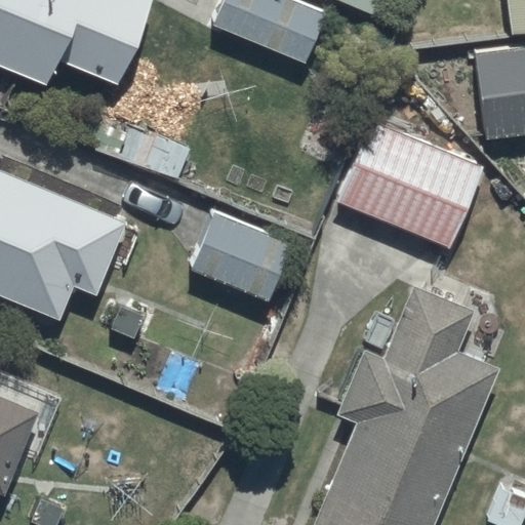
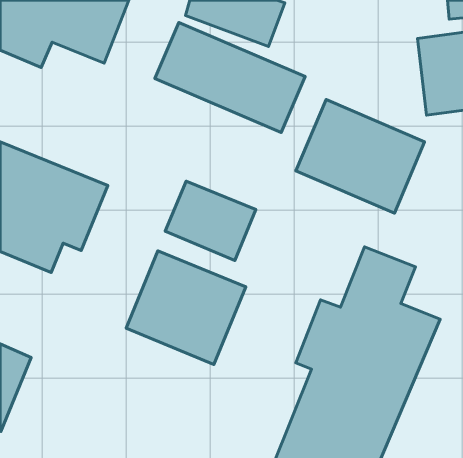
building: none -> [155,23,305,132]
building: none -> [126,251,246,364]

